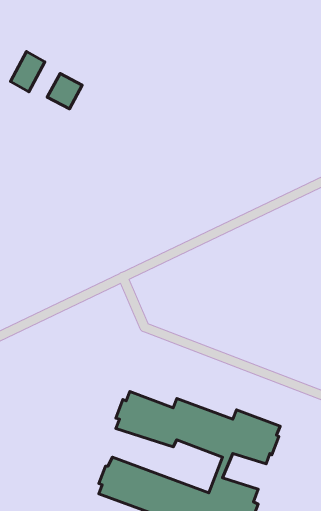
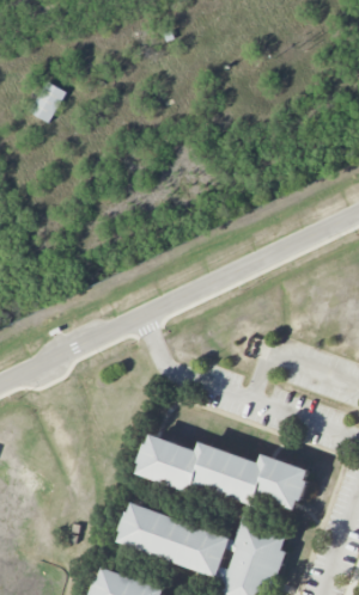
building: [47,73,82,109] -> none

